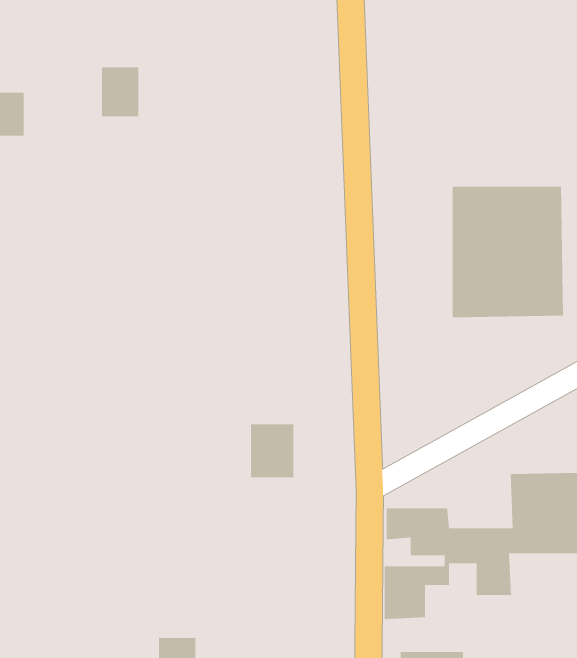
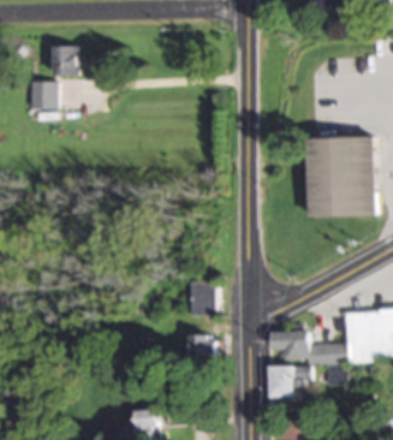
building: [101,67,139,117] -> [53,44,76,75]
building: none -> [189,334,218,359]

